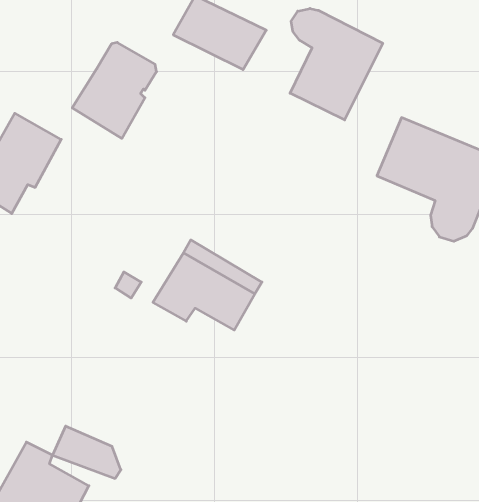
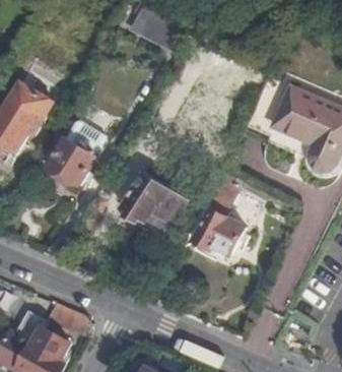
building: [290,8,383,120] -> none
building: [72,42,157,138] -> [46,119,105,186]
building: none -> [192,180,245,256]

